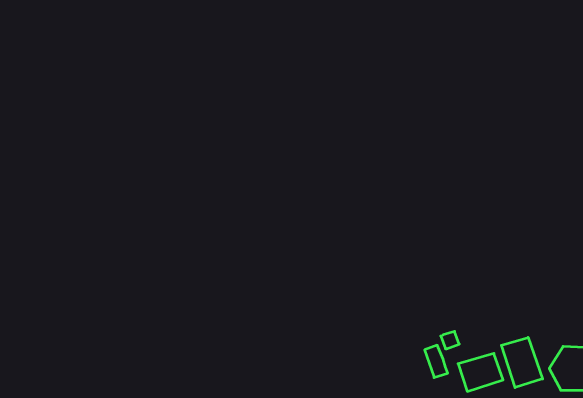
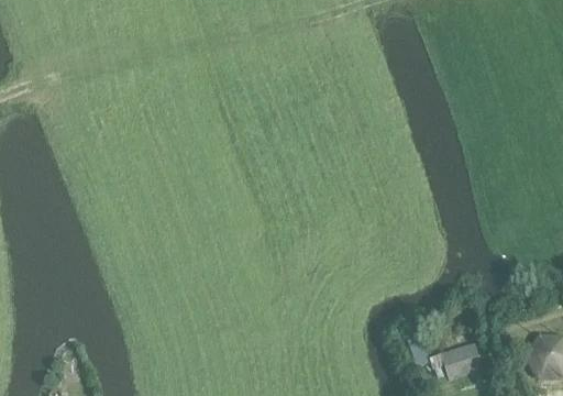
building: [501,337,543,388] -> none

